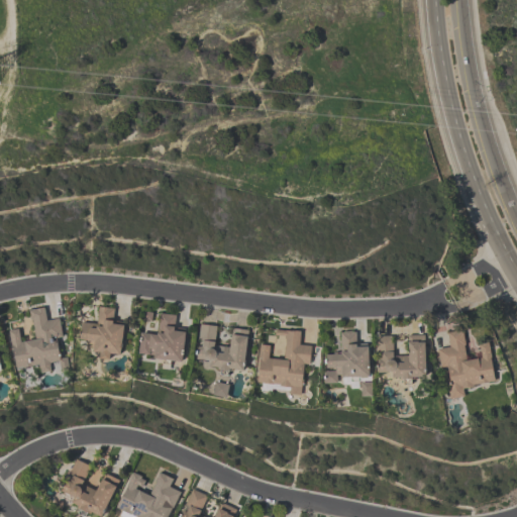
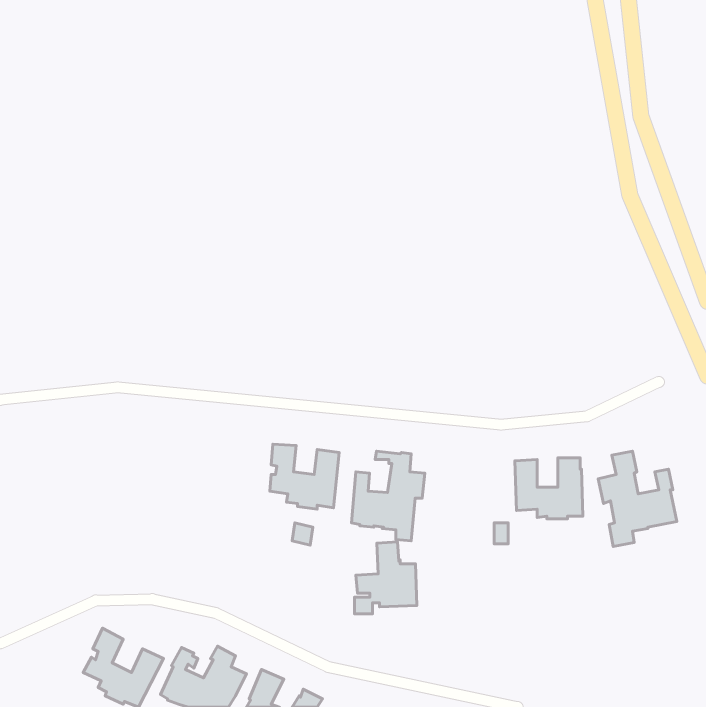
building: [80,306,124,359] -> none
building: [9,307,69,373] -> none
building: [139,313,186,361] -> none
building: [324,330,370,383] -> [355,542,417,614]

